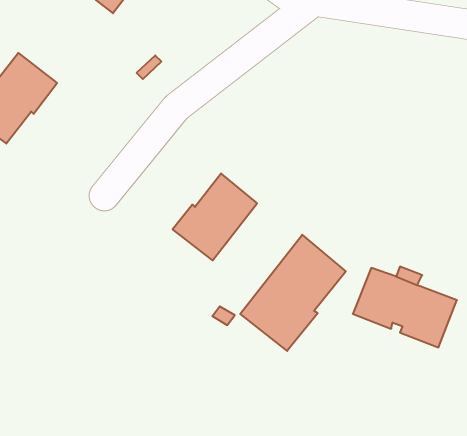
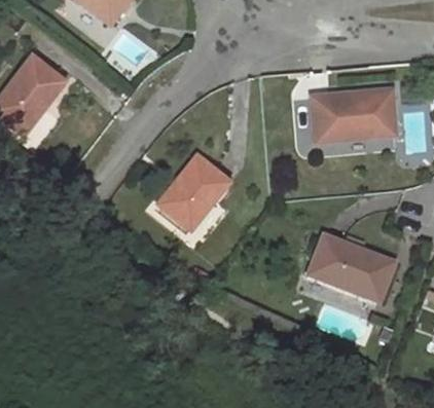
building: none -> [313,90,396,142]
building: [240,235,346,351] -> none

